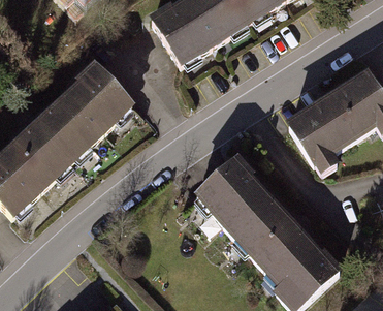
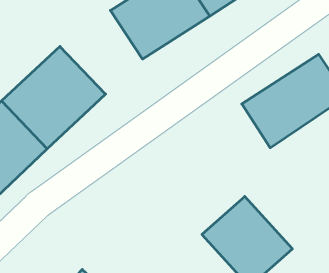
building: [194,161,290,257] -> none

